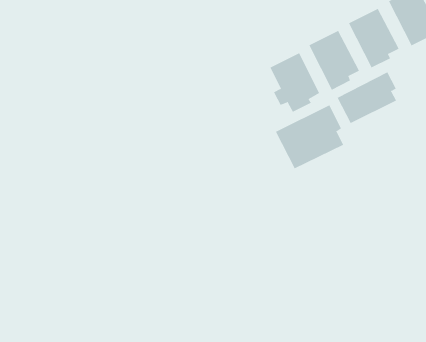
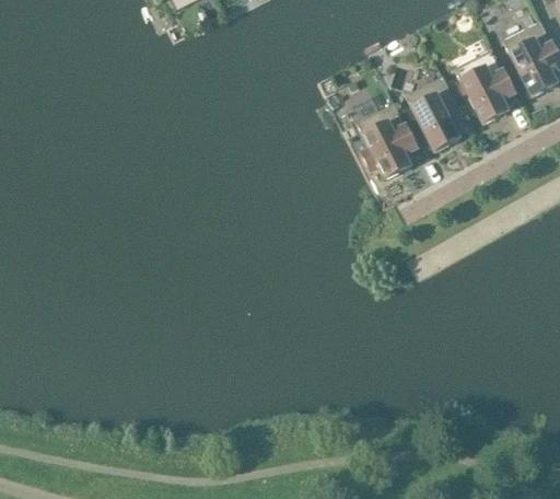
building: [337,72,397,124] -> none
building: [275,104,344,169] -> none

